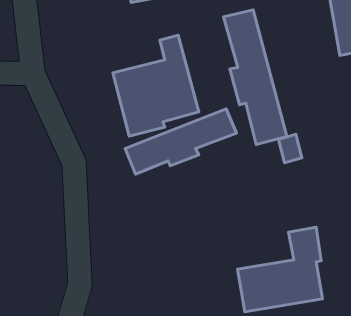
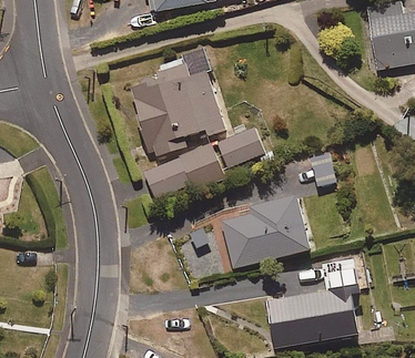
building: [223,10,287,144] -> none
building: none -> [216,194,310,269]

